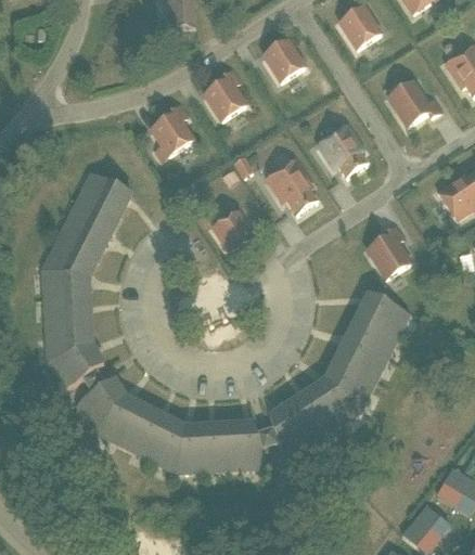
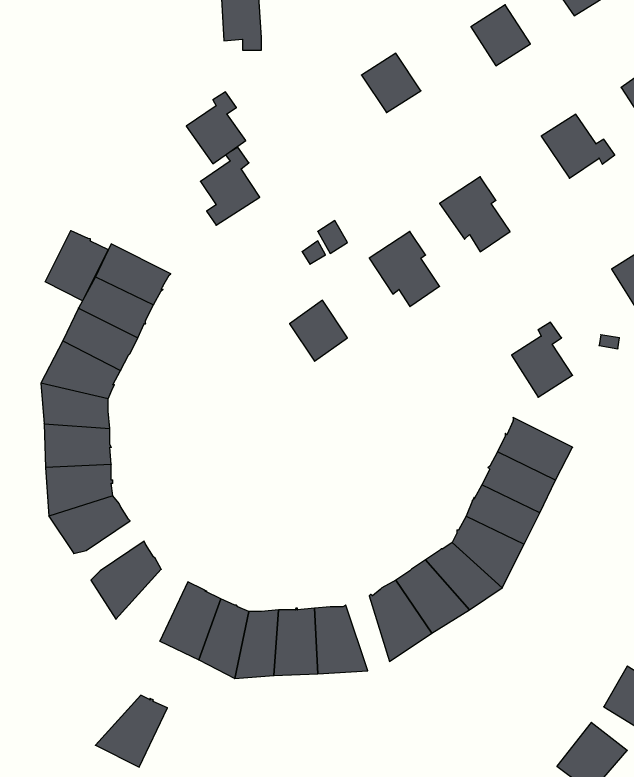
building: [204,68,245,118] -> [186,92,246,164]
building: none -> [45,231,108,301]
building: [93,396,143,446] -> [95,695,167,767]

